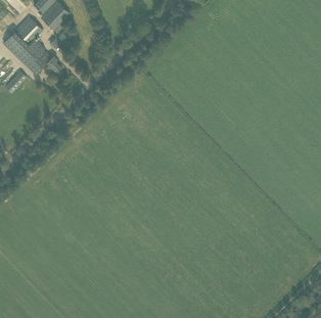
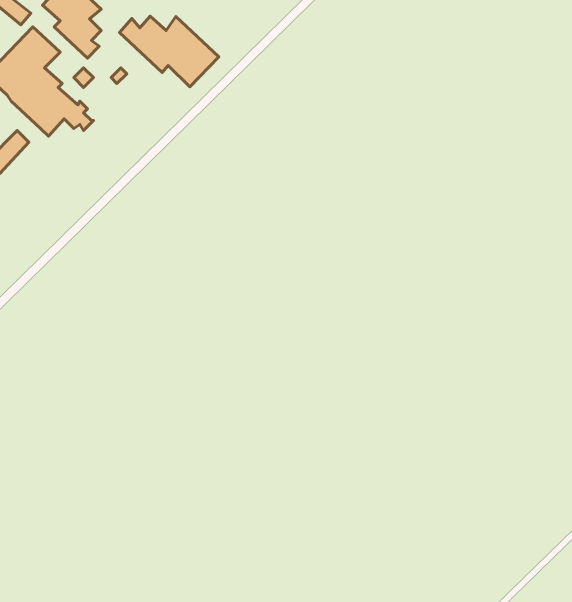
building: none -> [119,16,219,87]

